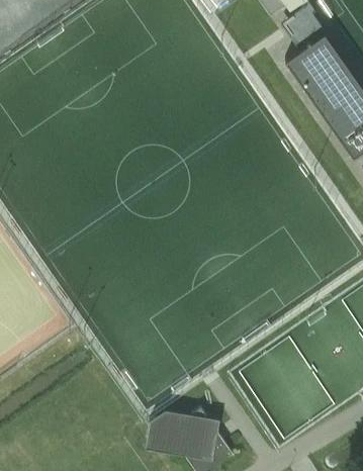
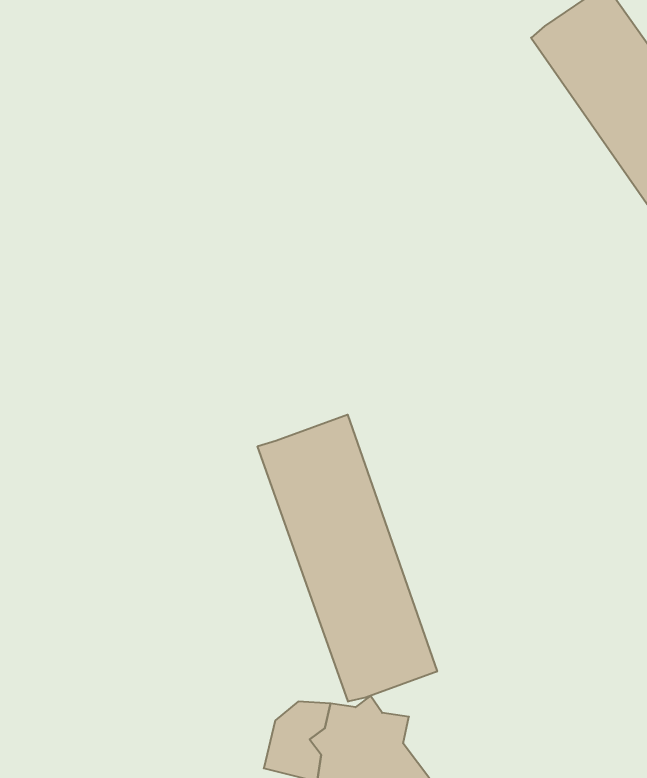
building: none -> [258,415,437,702]

